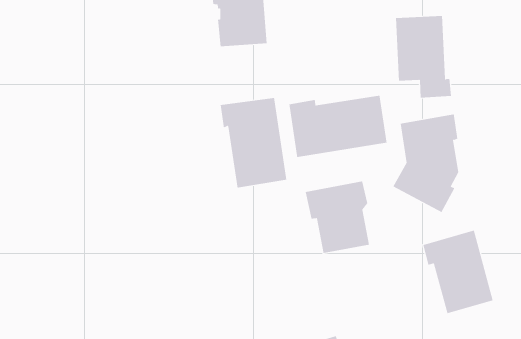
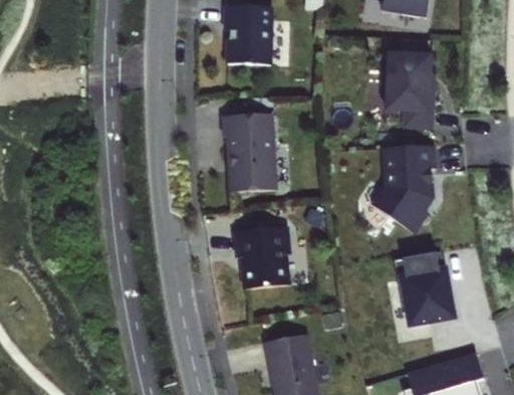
building: [289,95,387,158] -> none
building: [305,181,370,254] -> [234,227,290,289]

